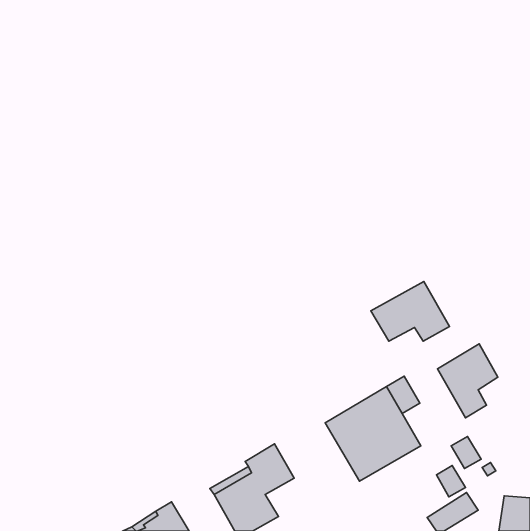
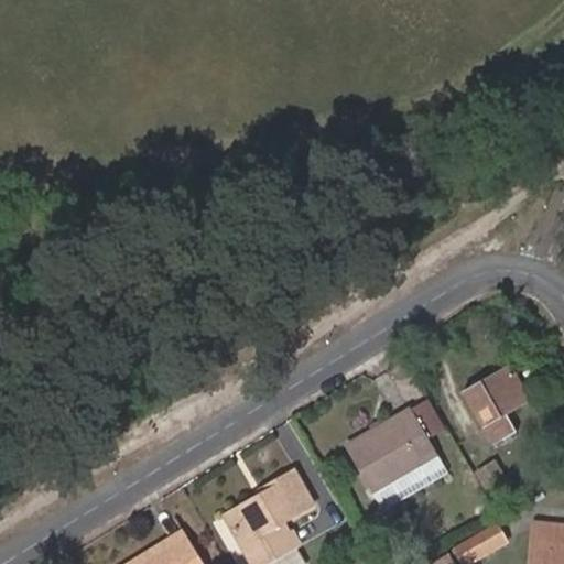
building: [371,282,450,341] -> none

